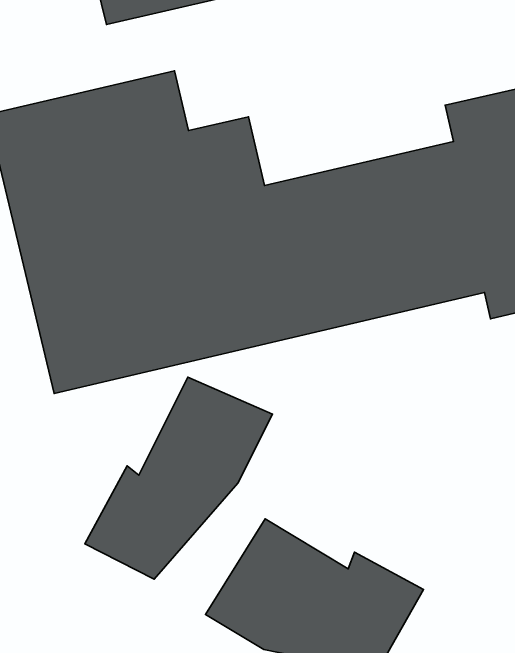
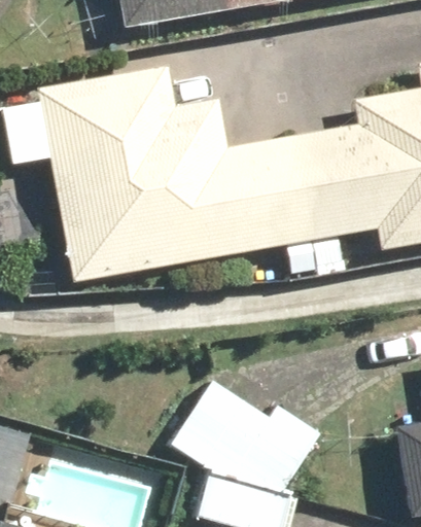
building: [85,377,272,579] -> none

